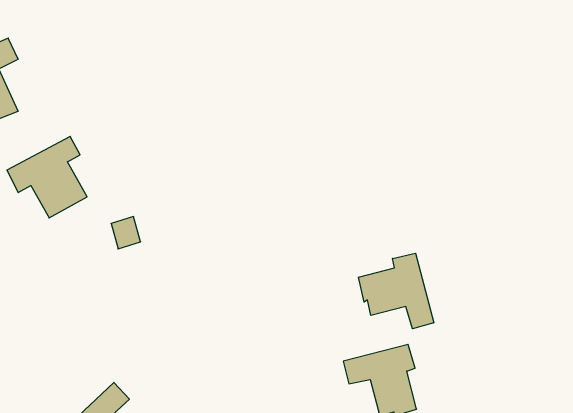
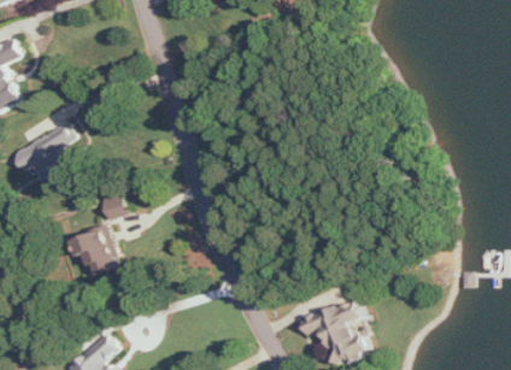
building: [359,253,434,329] -> none
building: none -> [70,229,114,276]

